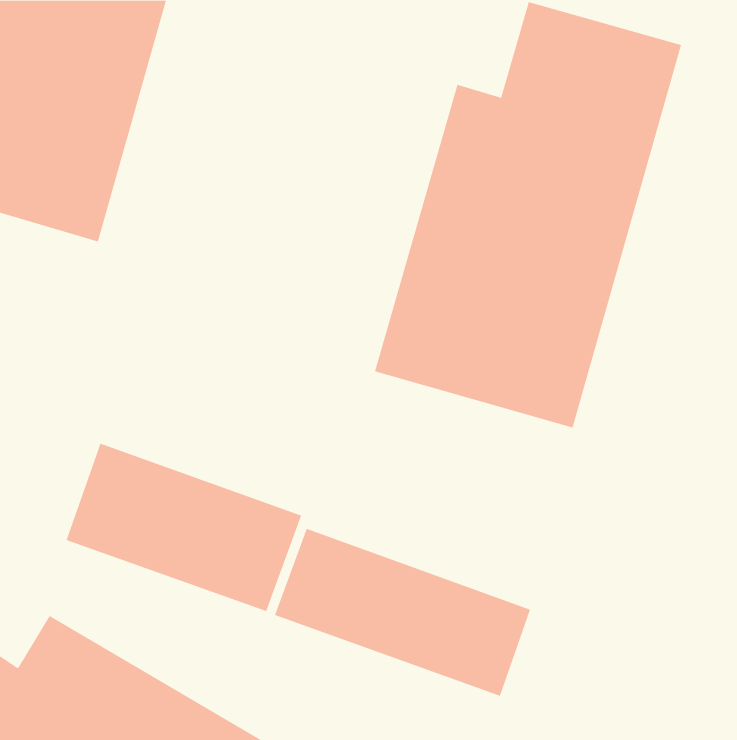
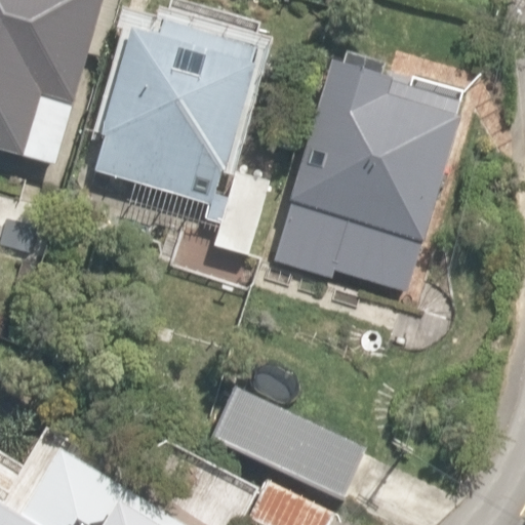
building: none -> [92,8,258,206]
building: [66,443,302,612] -> none

